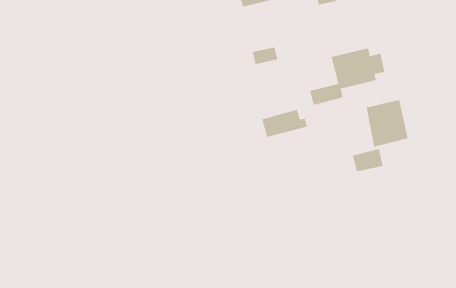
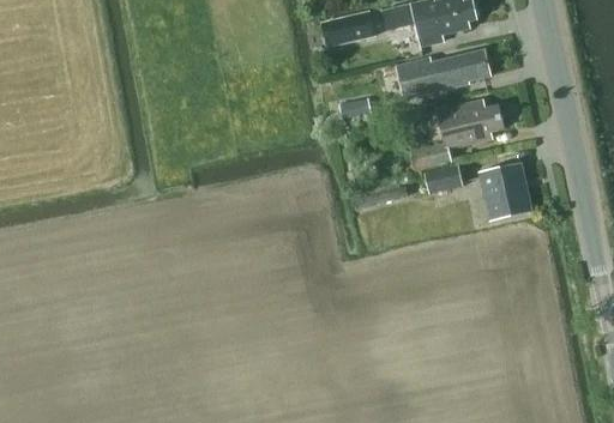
building: none -> [396,49,489,98]
building: [352,149,383,172] -> [423,164,462,193]

